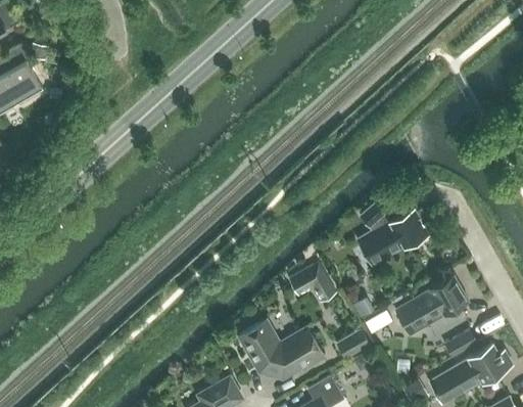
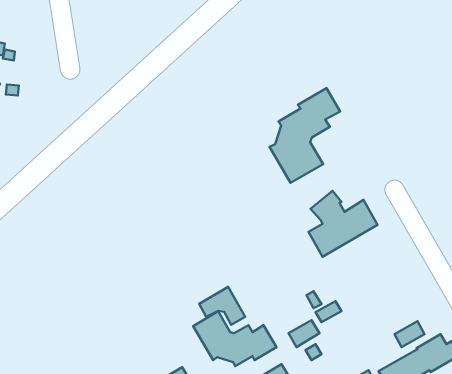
building: none -> [269,88,340,183]
building: [289,262,336,301] -> [199,287,245,325]
building: [395,275,468,334] -> none

